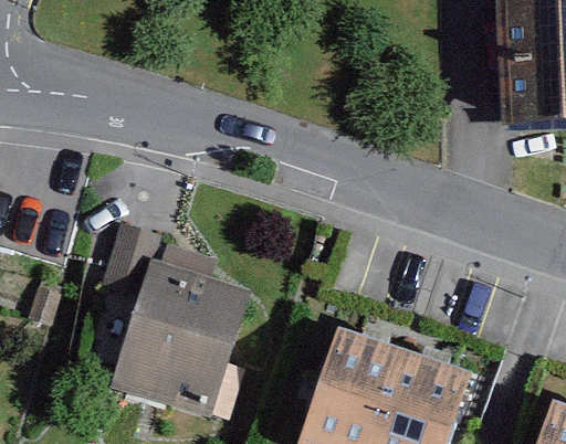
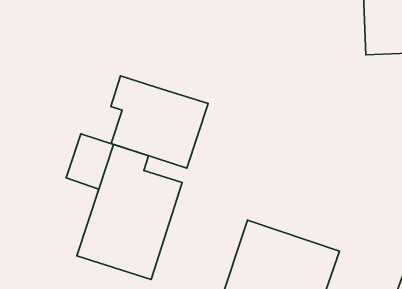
building: none -> [111,76,208,168]

